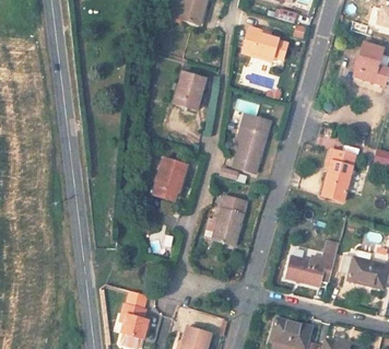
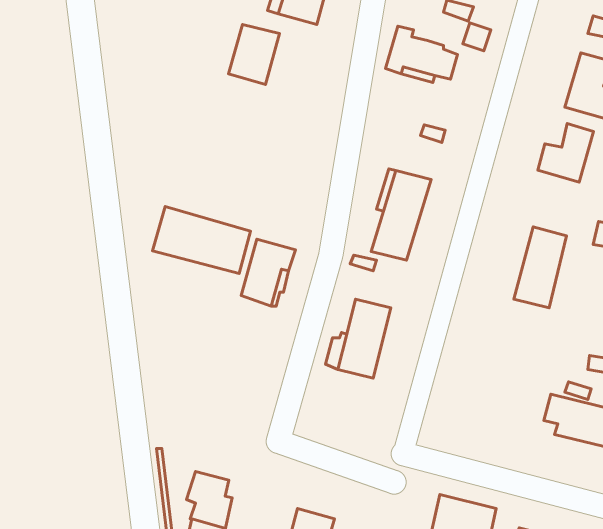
building: [174,71,205,108] -> [229,25,280,84]
building: none -> [538,124,594,182]
building: none -> [153,206,250,273]
building: [286,245,338,286] -> none

